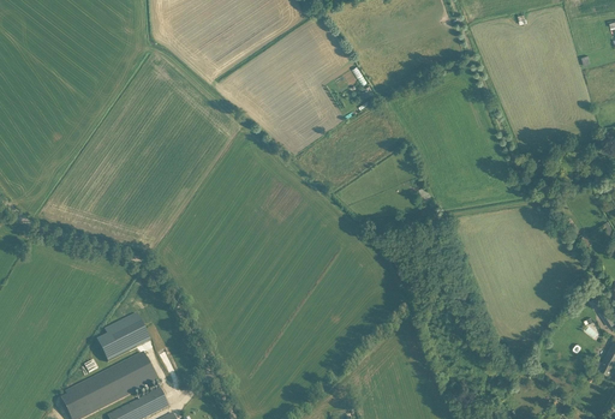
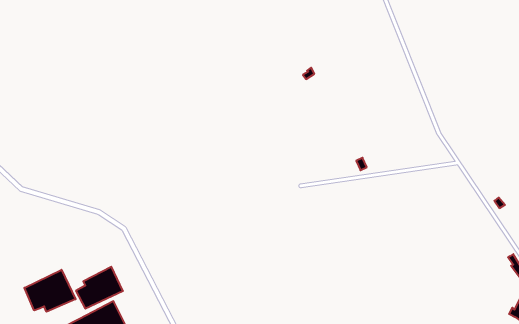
building: none -> [24,270,76,312]

